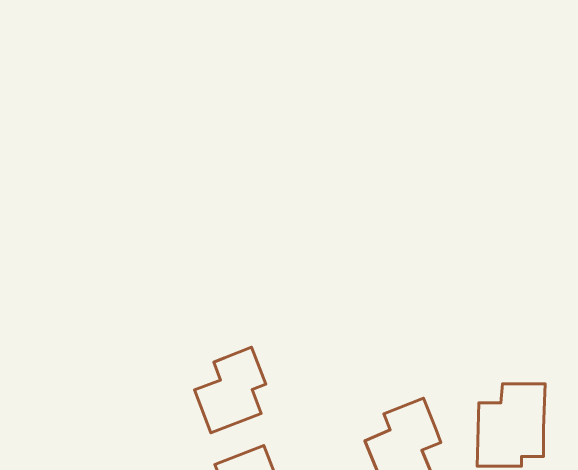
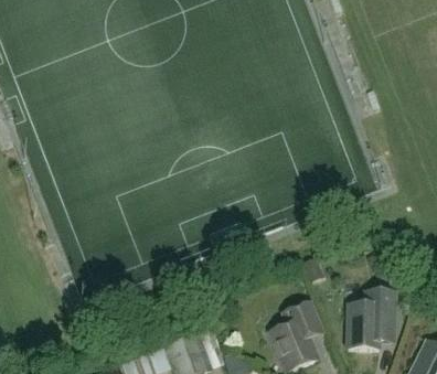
building: [195,347,266,433] -> none

